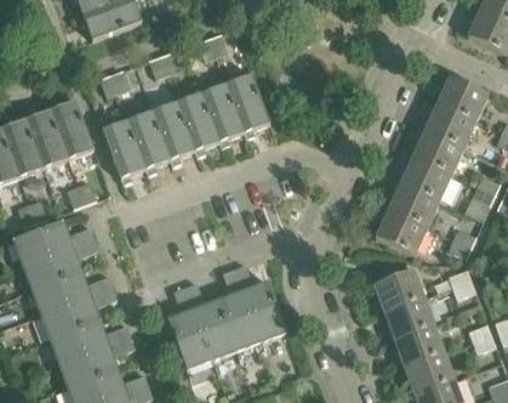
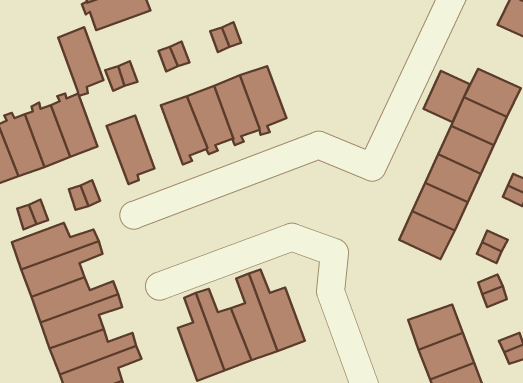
building: none -> [423,71,470,122]
building: [127,110,170,175] -> [58,27,104,96]
building: [372,269,424,312] -> none

